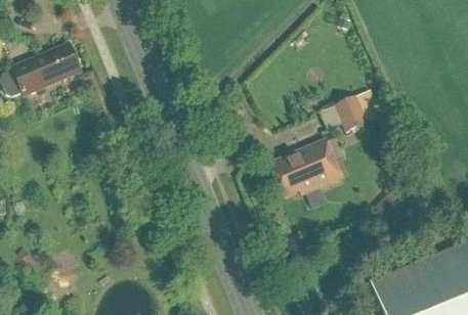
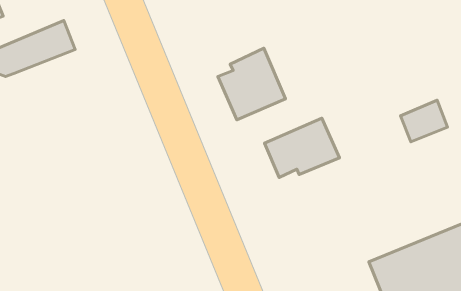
building: none -> [218,48,285,120]
building: [335,90,381,131] -> [401,100,447,142]

